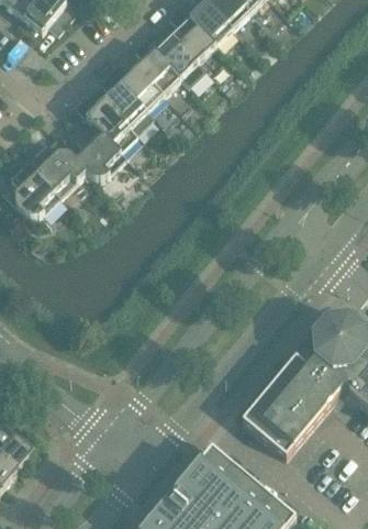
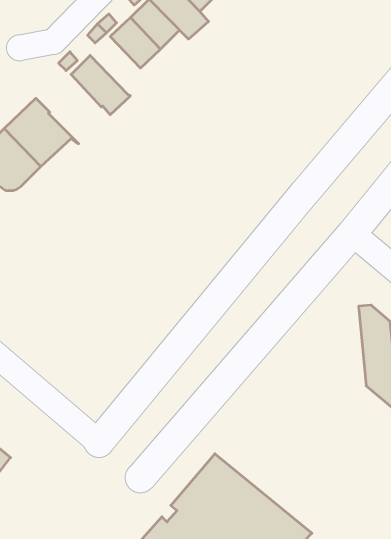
building: [102,80,153,131] -> none
building: [66,113,125,176] -> none
building: [242,316,343,454] -> none

